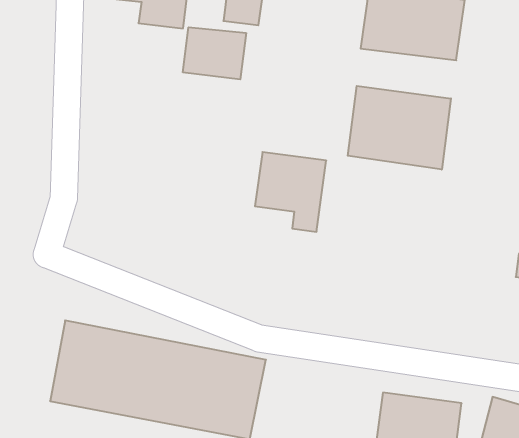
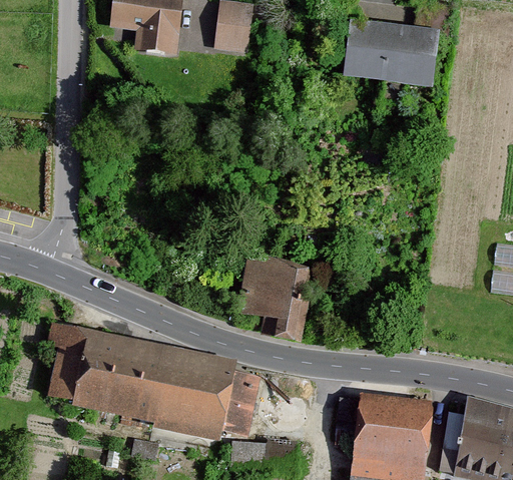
building: [183,27,246,79] -> none
building: [348,86,451,170] -> none
building: [255,152,326,232] -> [241,264,309,339]

